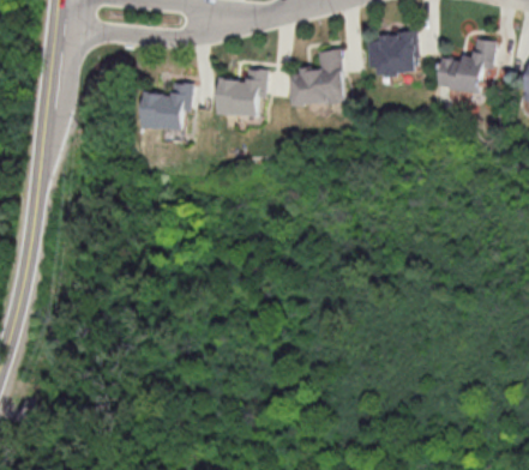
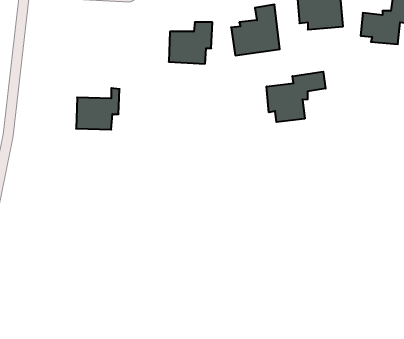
building: [140,82,191,129] -> [76,88,120,130]
building: none -> [267,72,326,122]

